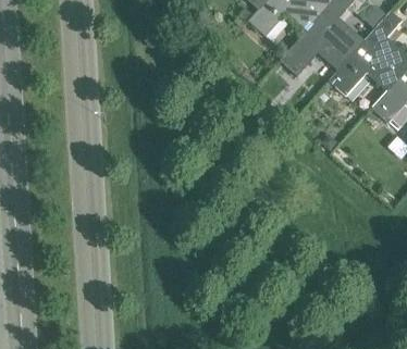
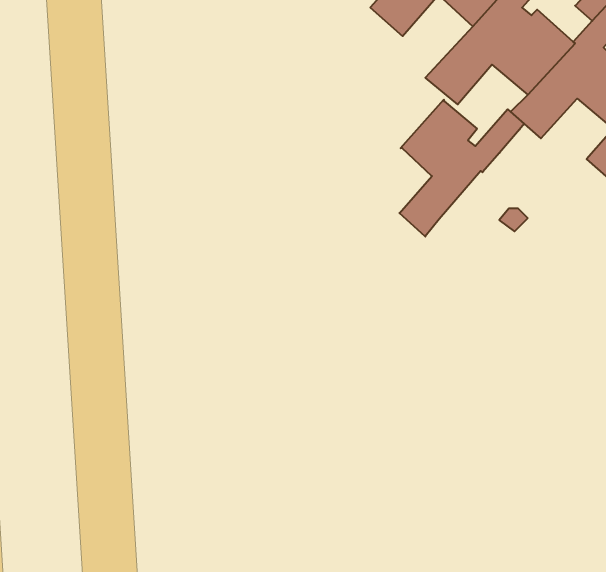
building: none -> [399,100,524,237]

